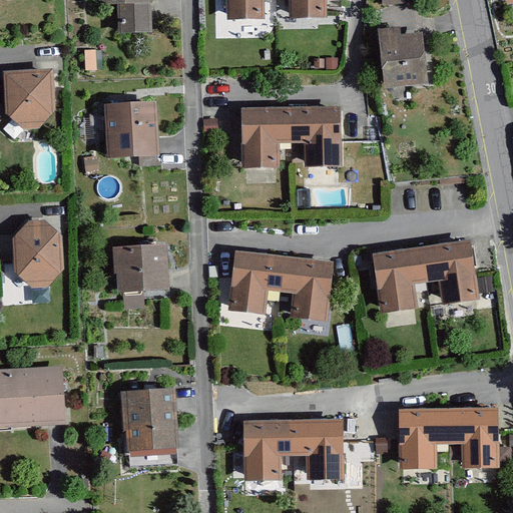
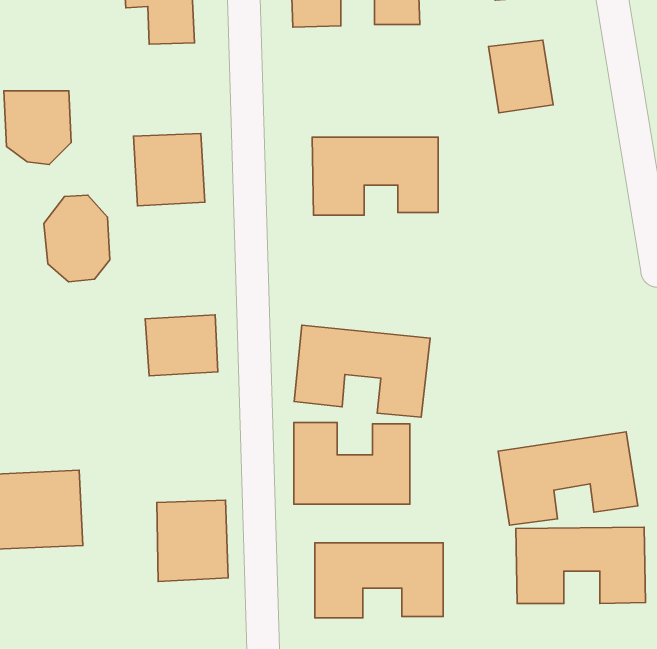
building: [11,219,62,287] -> [44,195,110,282]
building: [370,239,478,312] -> [498,432,638,525]
building: none -> [294,423,410,504]

